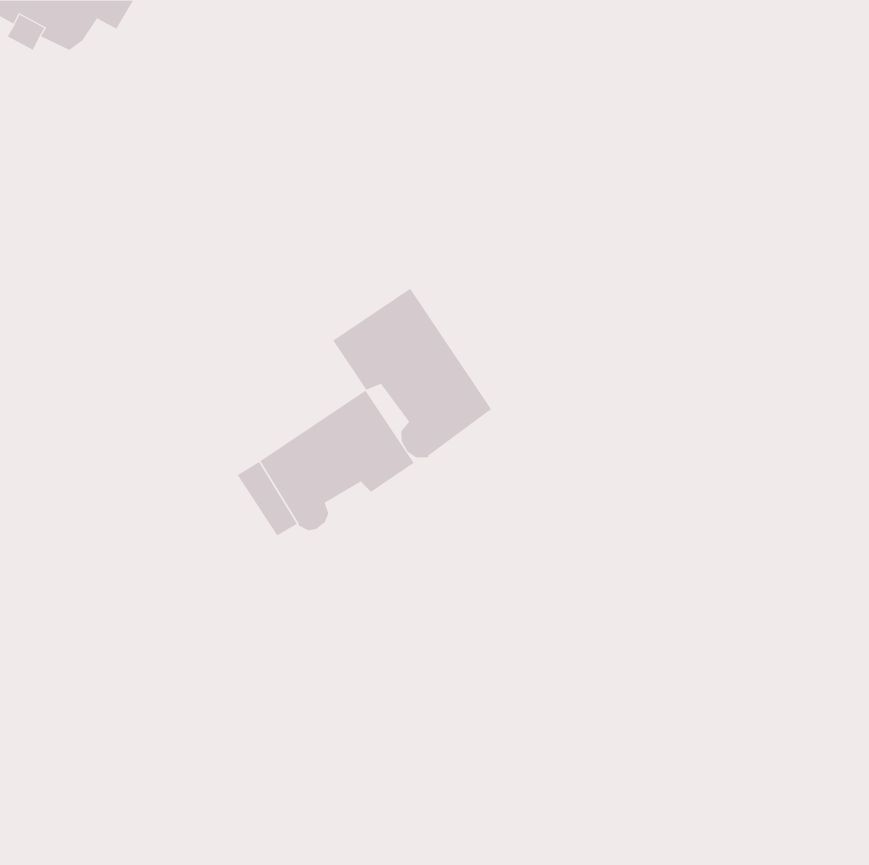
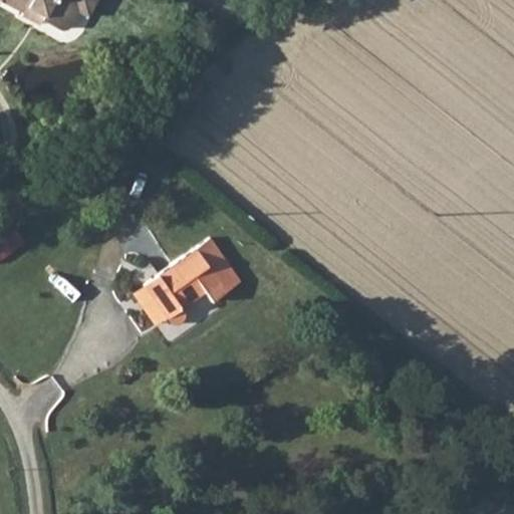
building: [333,288,492,458] -> none

